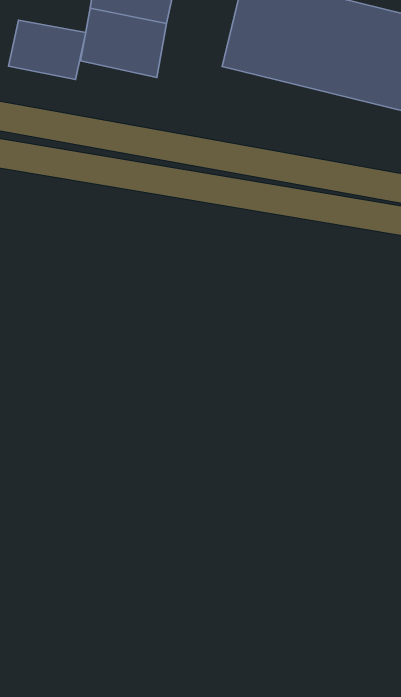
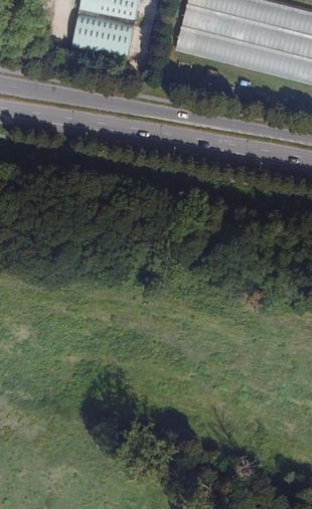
building: [9,20,86,80] -> none

